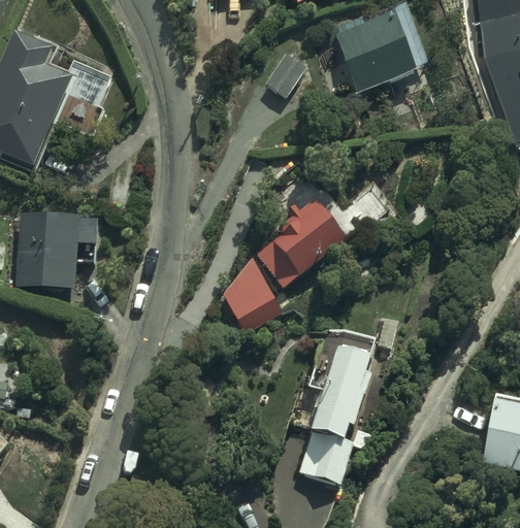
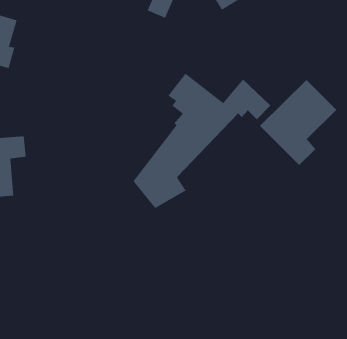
building: none -> [259,79,337,166]
building: [297,330,376,487] -> none

